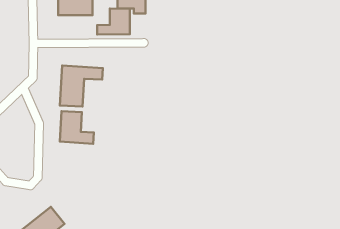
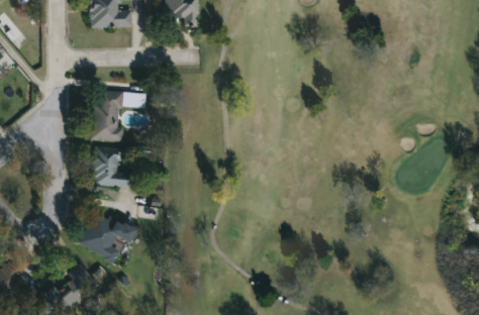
building: [97,9,130,35] -> none
building: none -> [77,208,135,261]

